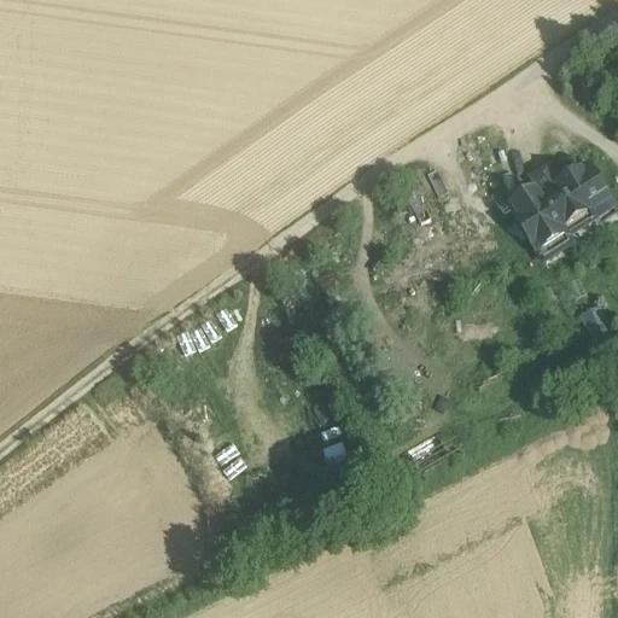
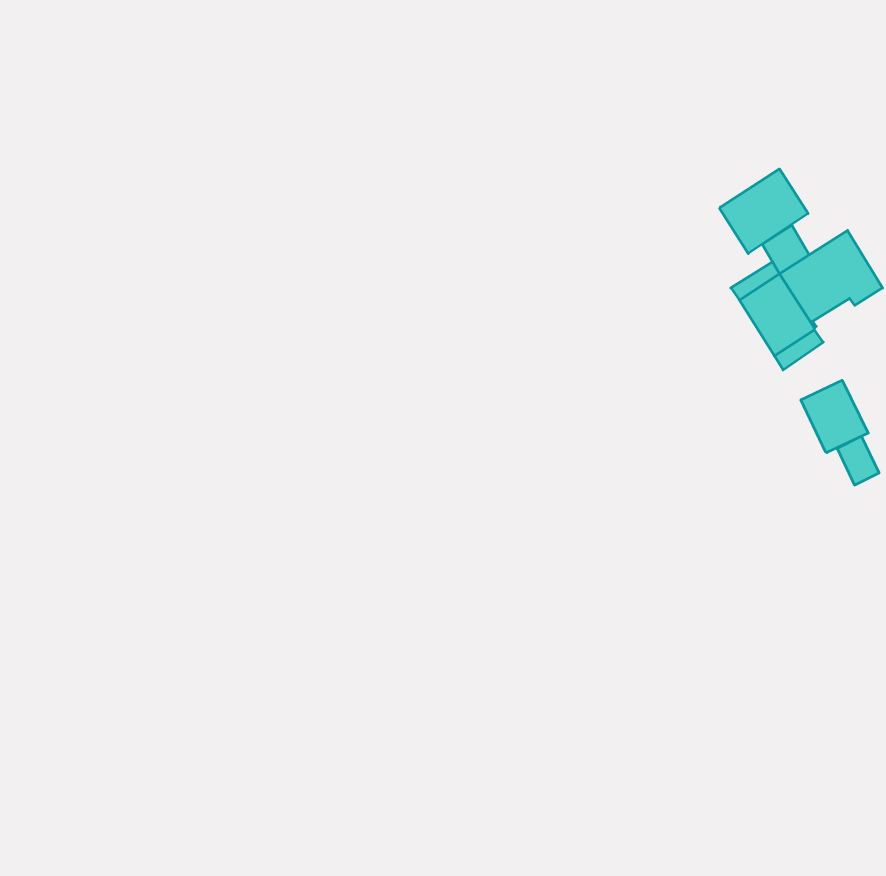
building: none -> [720,169,808,254]
building: none -> [801,380,868,453]

